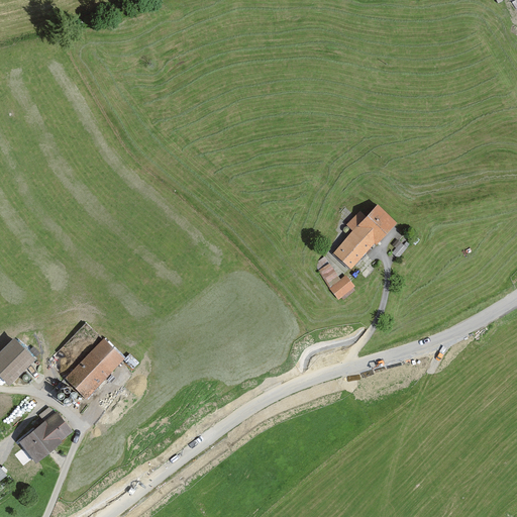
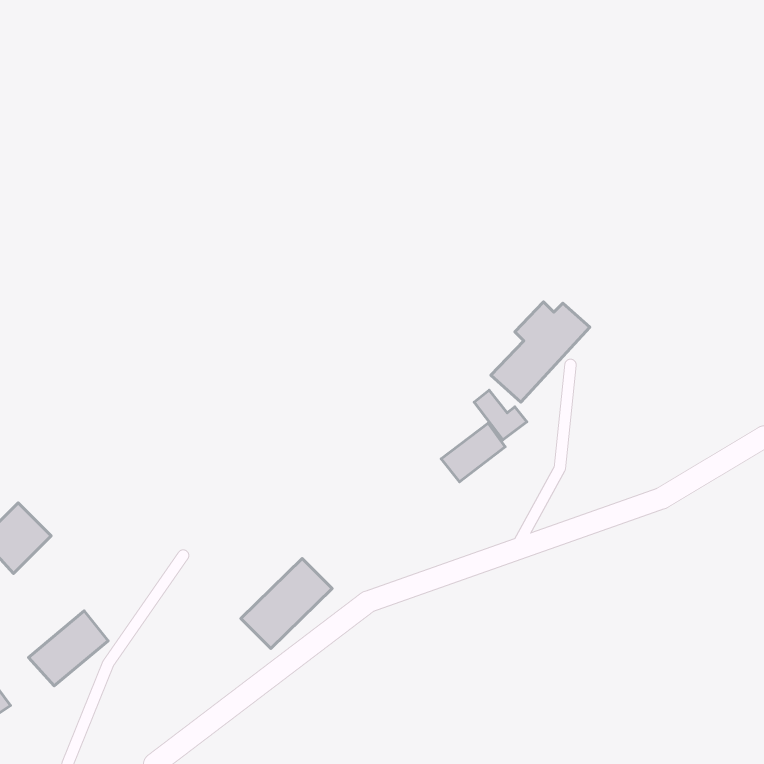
building: none -> [441,423,505,482]
building: [63,338,124,399] -> [241,559,332,649]

